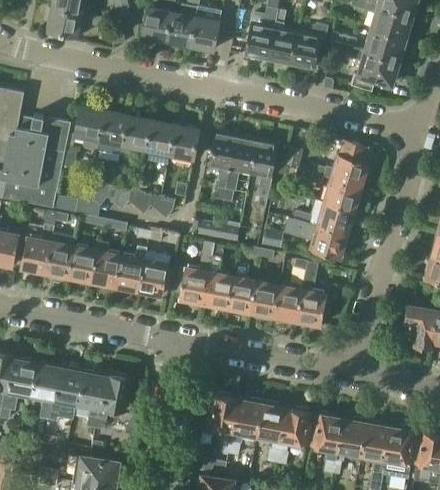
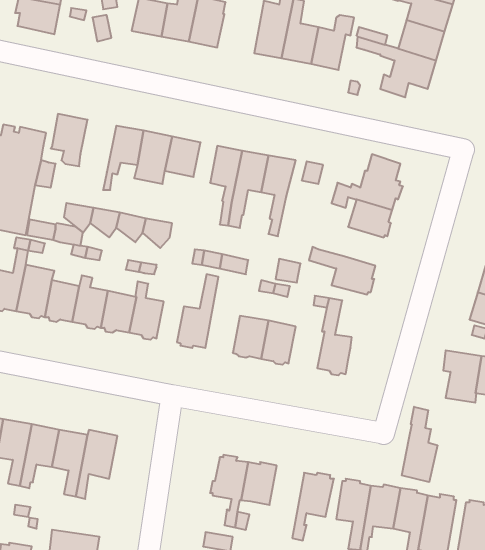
building: [98,111,129,155] -> none
building: [294,199,356,234] -> none
building: [204,243,233,308] -> none
building: [274,285,304,320] -> none
building: none -> [402,407,437,482]
building: [258,402,287,463] -> none

